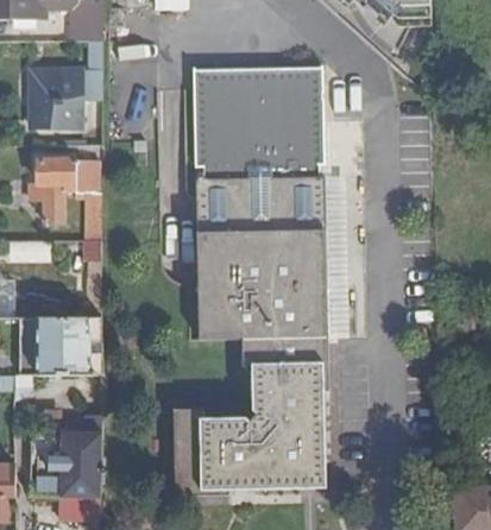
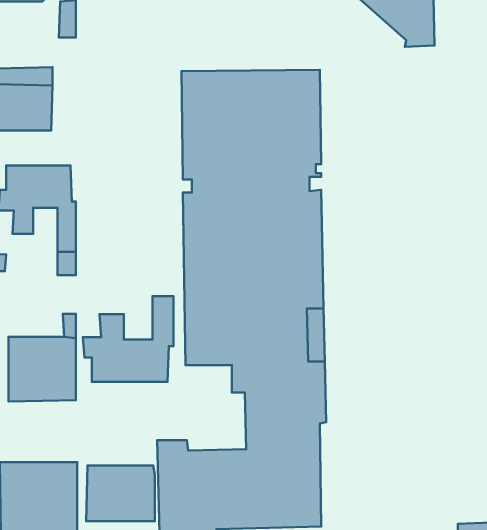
building: none -> [83,296,174,382]
building: none -> [86,465,155,521]

